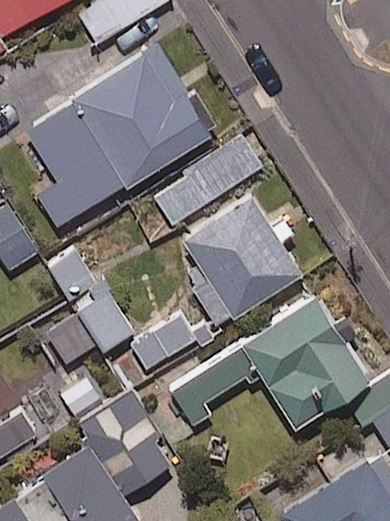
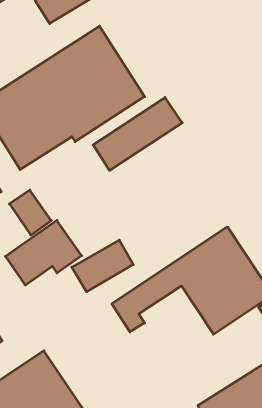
building: [169,195,301,326] -> none
building: [58,374,174,499] -> none

